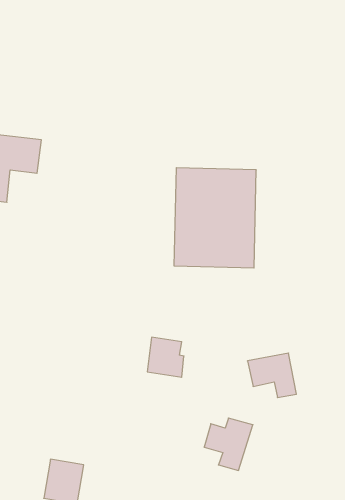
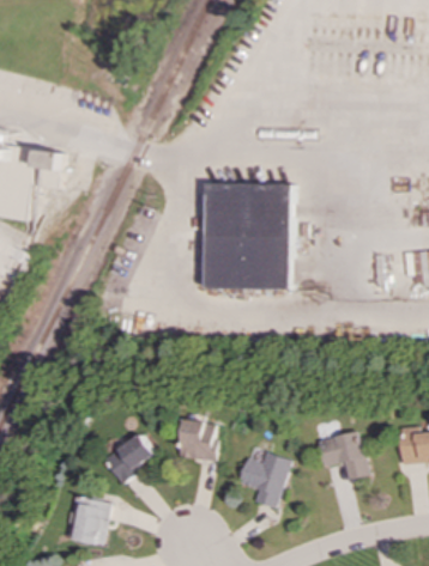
building: [147,337,184,377] -> [177,419,217,462]
building: [247,353,296,398] -> [314,432,367,480]
building: none -> [103,436,155,481]

